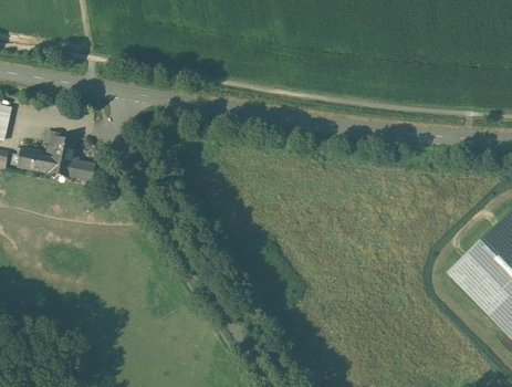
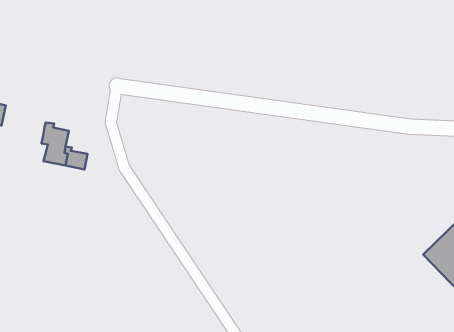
building: [18,149,52,172] -> none

